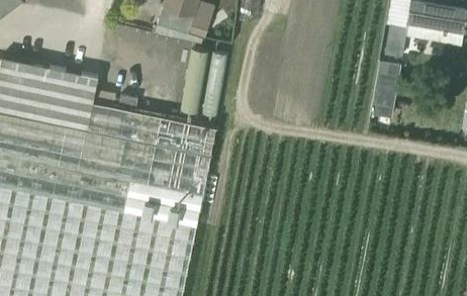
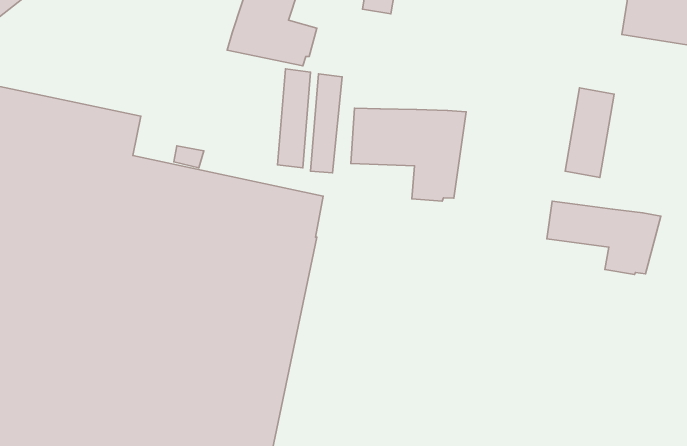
building: [385,26,406,58] -> none
building: none -> [351,108,466,201]
building: none -> [547,201,661,275]

